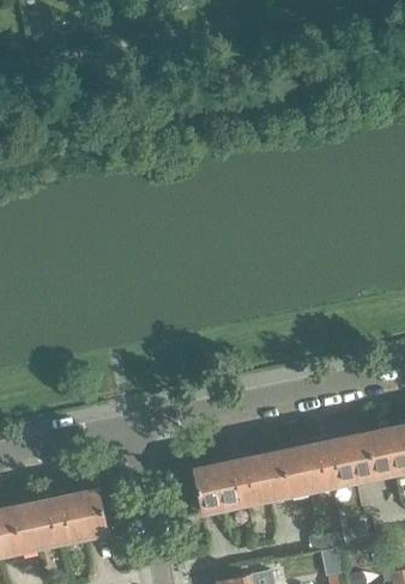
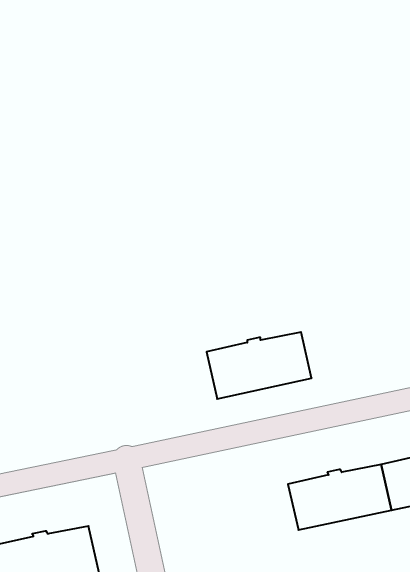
building: [194,452,290,513] -> [207,332,312,399]

